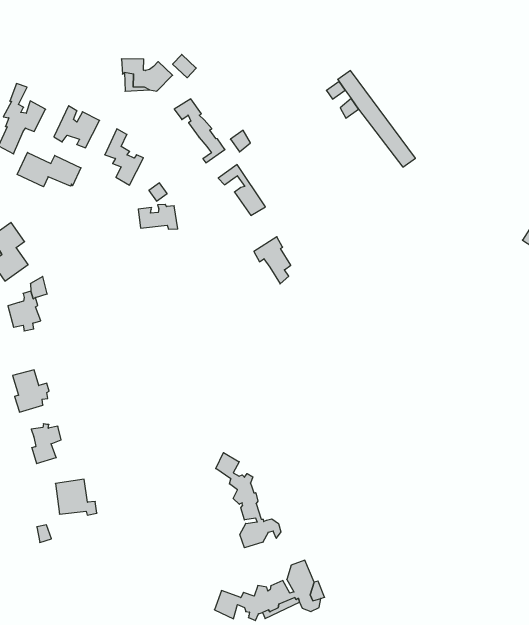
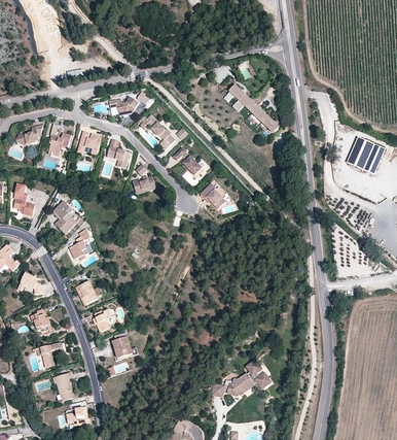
building: [17,152,81,187] -> none
building: [216,453,281,548] -> none

